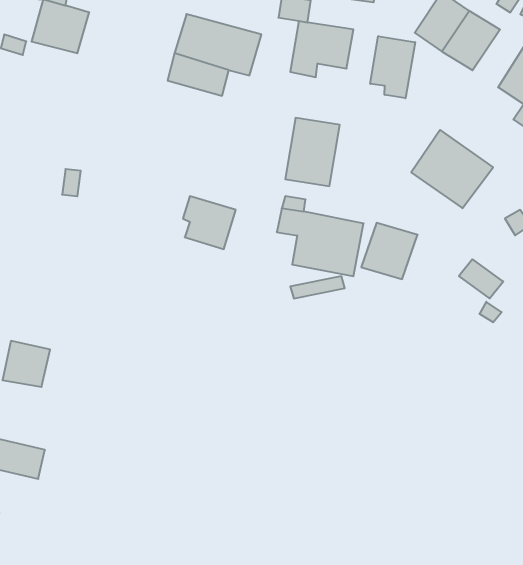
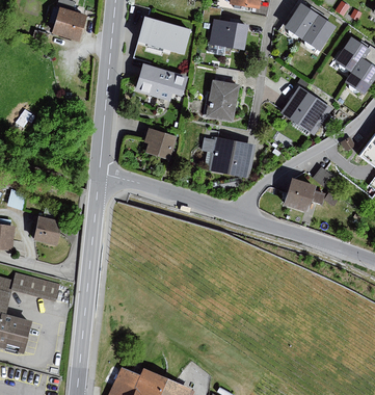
building: [370,36,415,98] -> none
building: none -> [135,63,188,107]
building: [361,223,418,279] -> [283,178,317,212]

